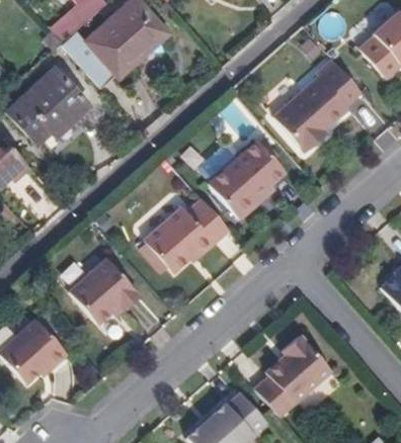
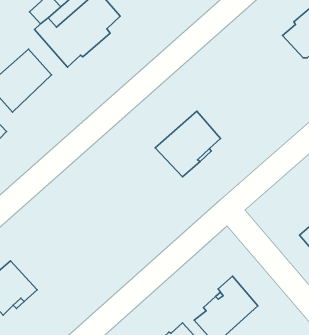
building: [273,60,360,153] -> none
building: [145,198,230,272] -> none
building: [69,258,138,323] -> none

